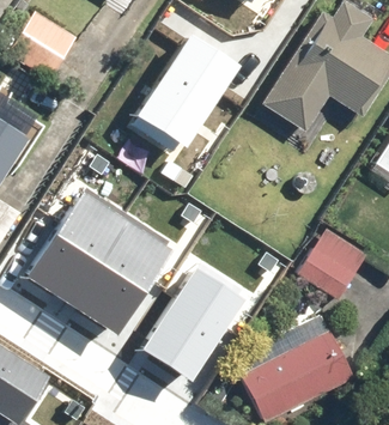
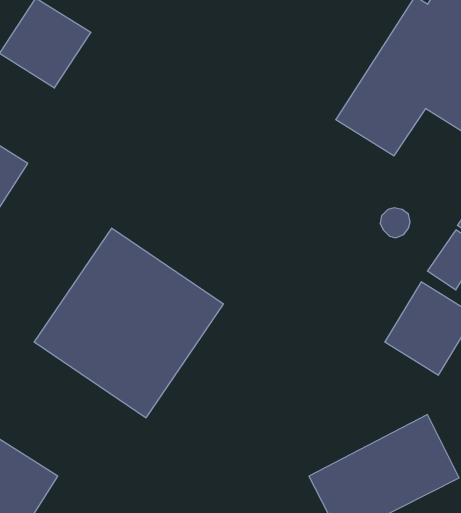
building: [135,35,241,152] -> none
building: [139,266,244,383] -> none

